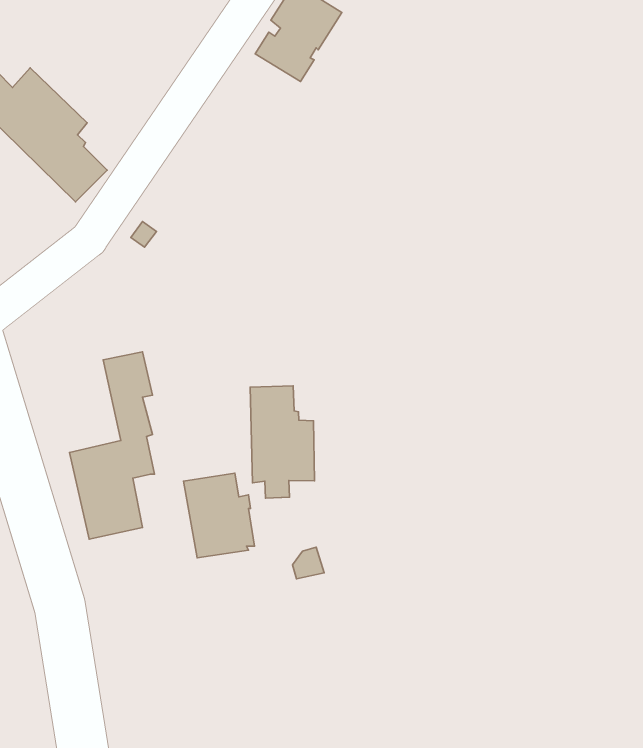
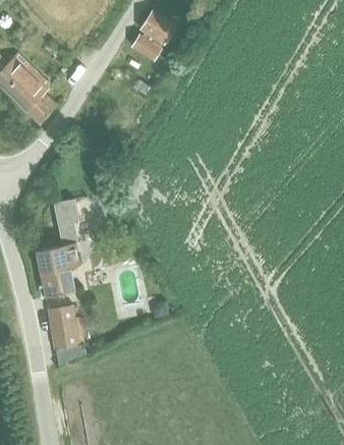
building: [250,386,315,498] -> none
building: [184,473,255,558] -> [47,304,83,348]

